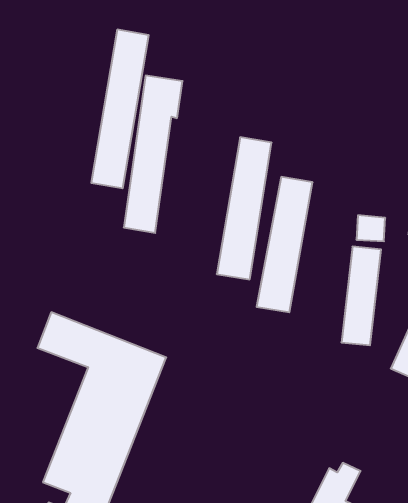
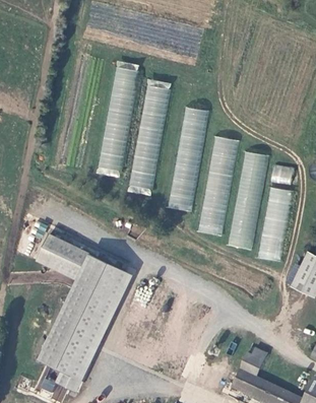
building: [91,30,149,188] -> [126,79,169,197]
building: none -> [226,152,266,251]

